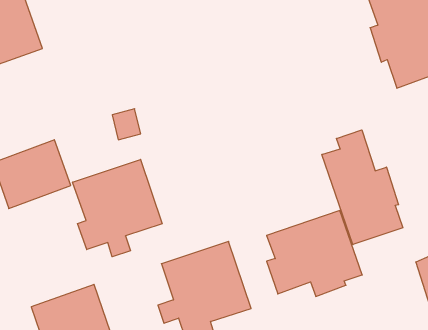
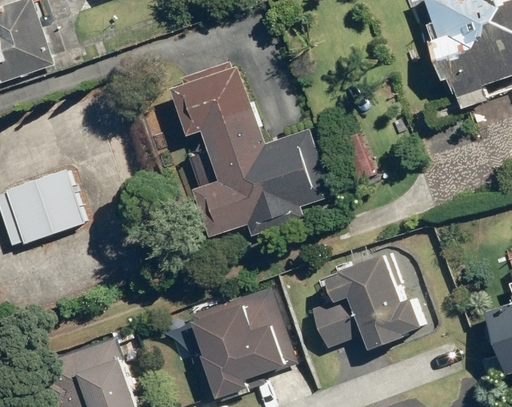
building: none -> [171,61,330,238]
building: [322,130,403,245] -> none
building: [73,159,162,257] -> none

